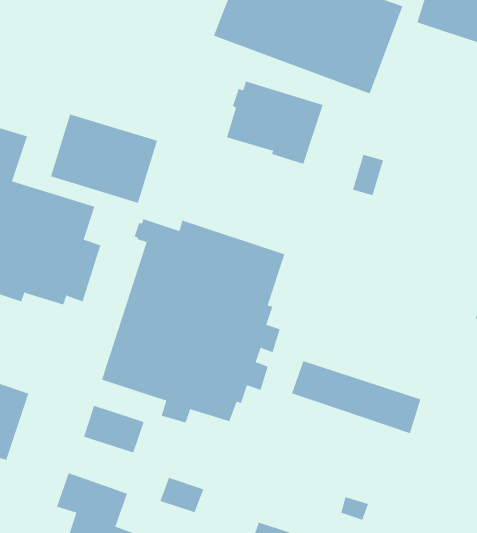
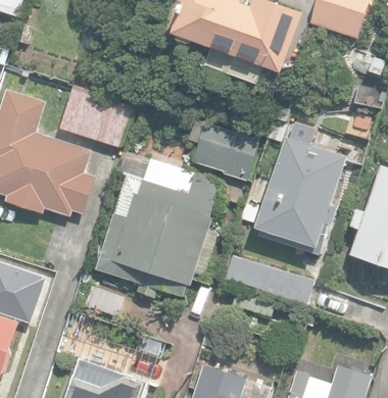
building: [226,81,323,165] -> [192,122,258,180]
building: none -> [241,121,347,255]

